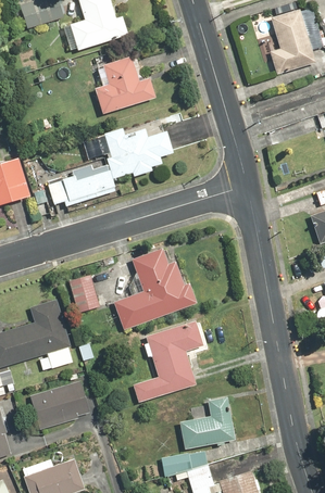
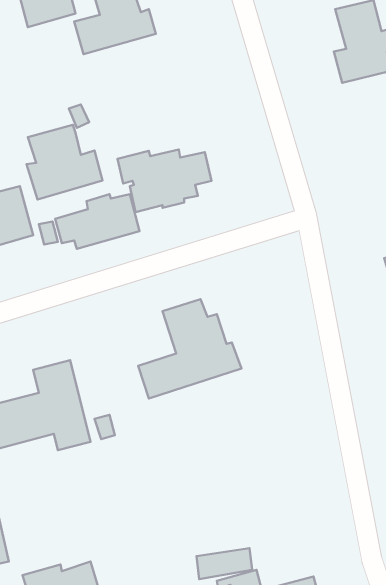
building: [93,54,154,114] -> [26,125,103,200]
building: [68,274,100,314] -> none
building: [133,318,209,401] -> none
building: [29,380,86,430] -> none
building: [178,395,237,448] -> none

